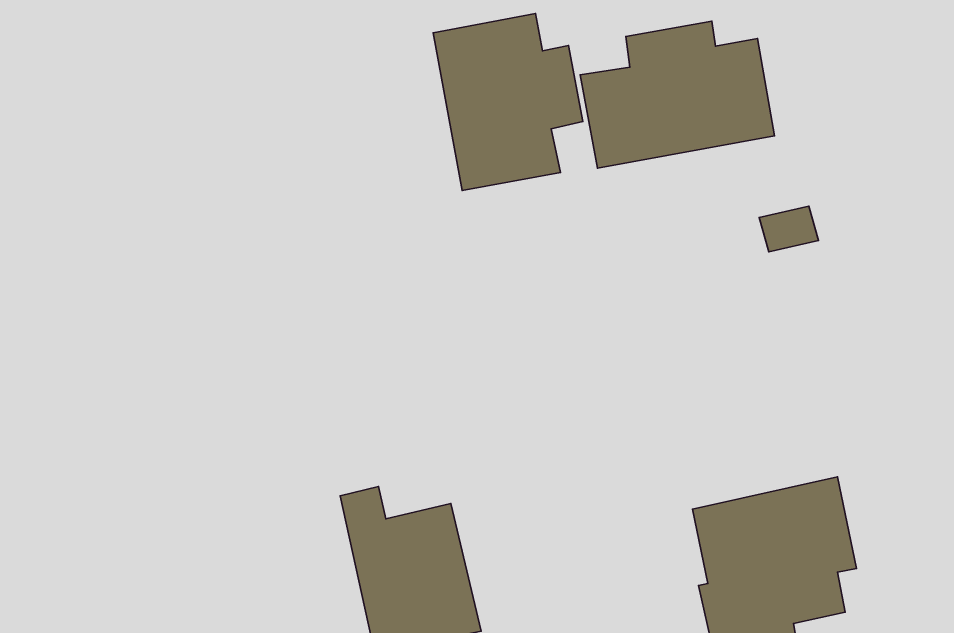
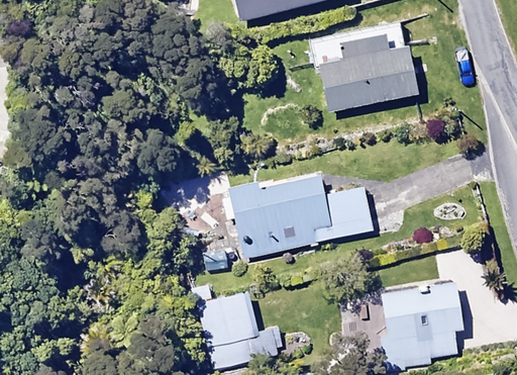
building: [433,13,583,191] -> none
building: none -> [223,171,376,260]

